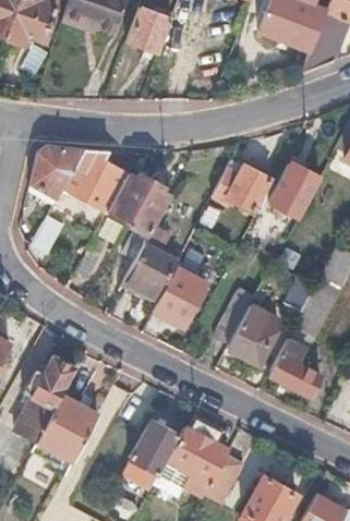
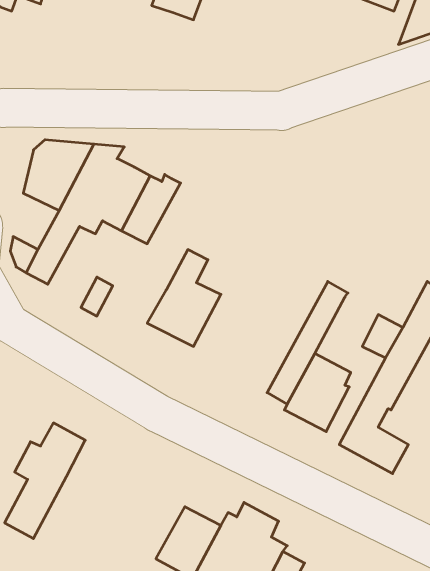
building: [213,161,267,209] -> none
building: [268,162,318,217] -> none
building: [123,177,171,257] -> none
building: [153,260,207,326] -> none
building: [36,398,97,464] -> none

